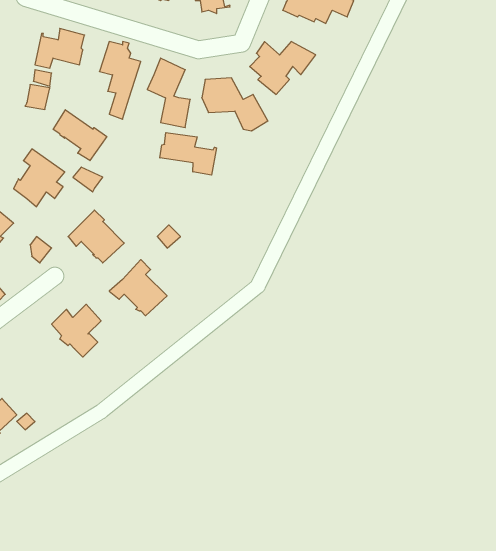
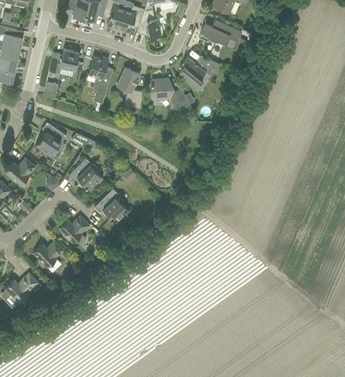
building: [53,110,107,161] -> none
building: [160,133,216,175] -> none
building: none -> [33,239,64,272]

